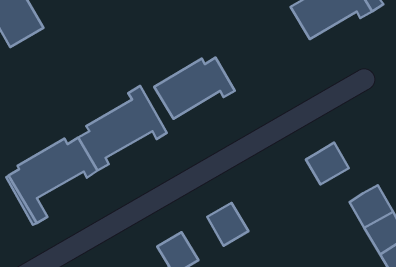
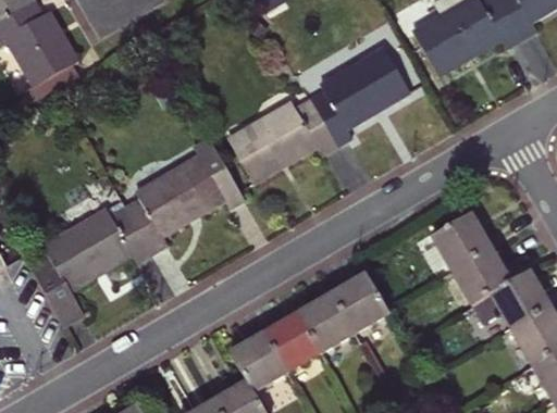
building: none -> [310,47,409,143]
building: none -> [451,248,509,304]
building: none -> [332,275,388,333]
building: none -> [264,313,321,372]

